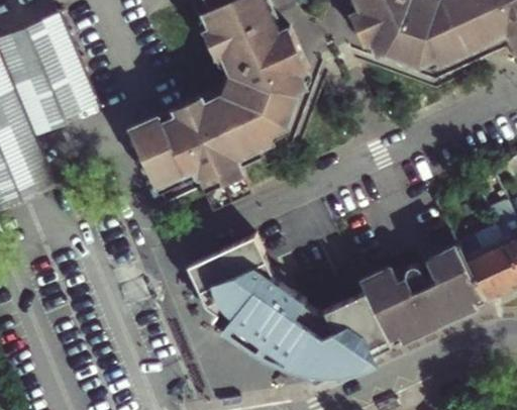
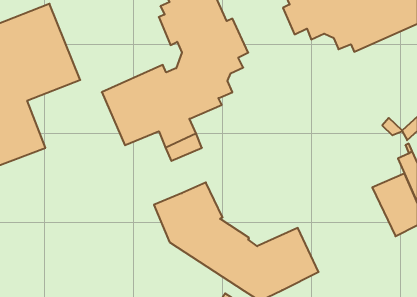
building: [363,242,487,345] -> none

